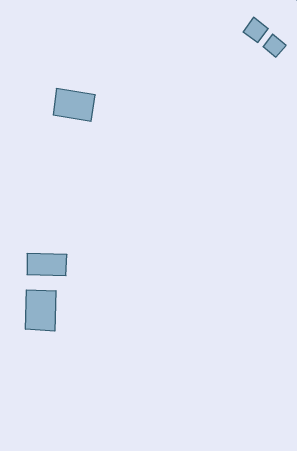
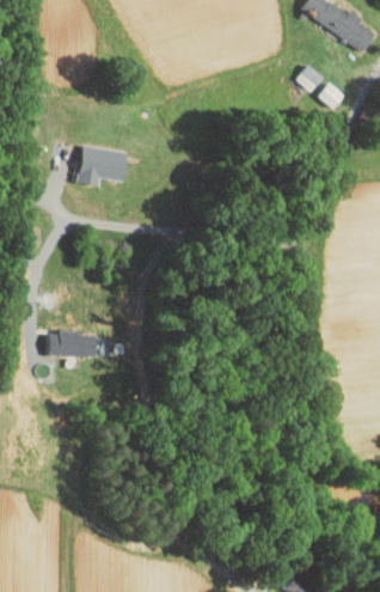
building: [26,290,56,331] -> none

